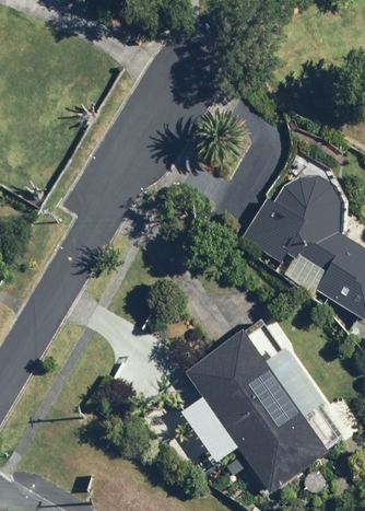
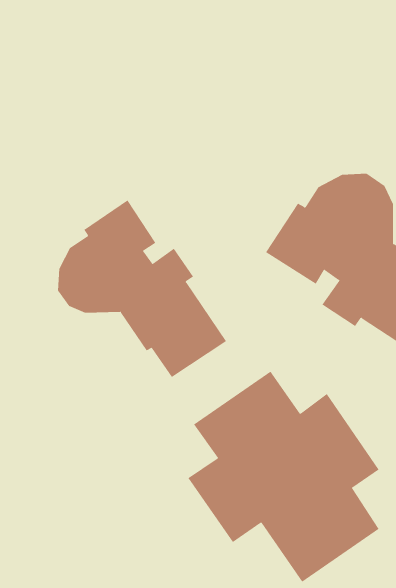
building: none -> [58,200,227,378]

